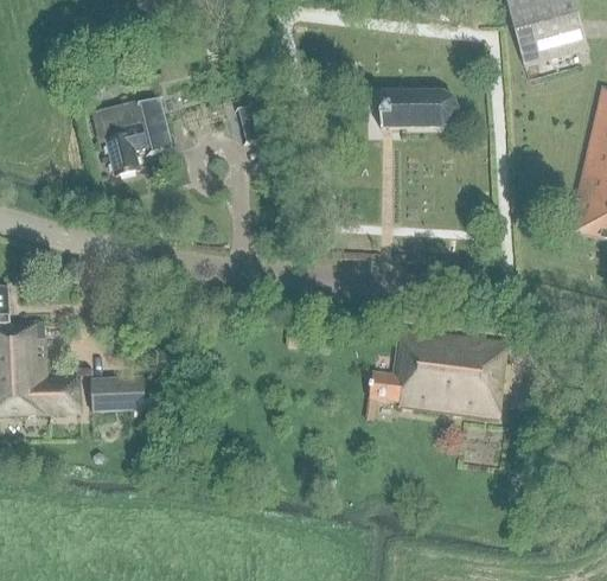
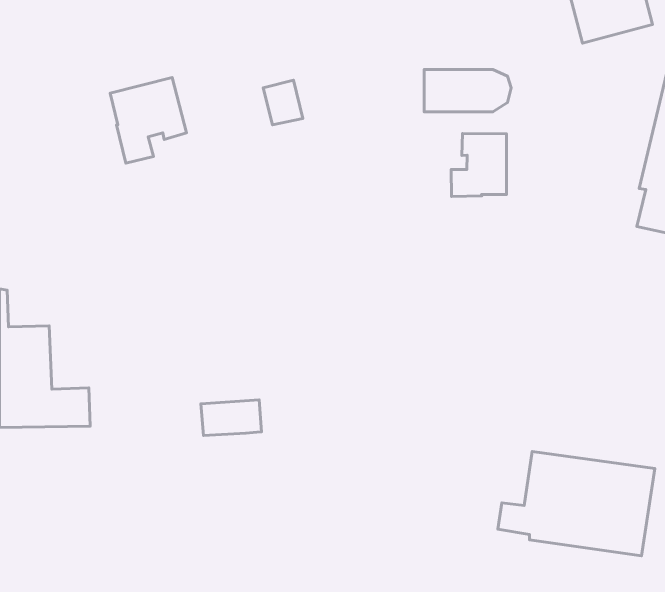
building: none -> [451,134,507,196]
building: [369,325,510,419] -> [498,451,655,556]
building: [89,381,143,413] -> [201,400,262,436]

